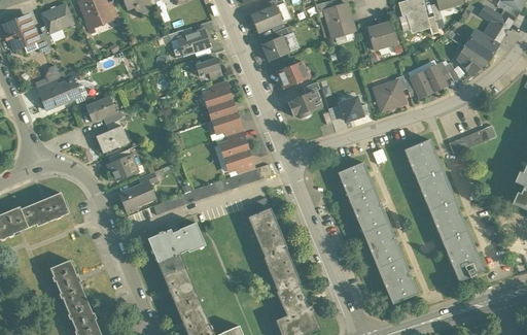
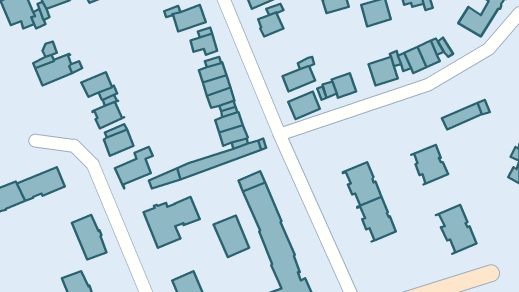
building: [456,47,487,74] -> none
building: [276,61,308,89] -> [288,91,320,119]
building: [403,140,442,180] -> none
building: [338,163,373,198] -> none
building: [429,200,466,241] -> none
building: [377,258,417,303] -> none
building: [49,260,84,305] -> [72,215,107,260]
building: [162,265,198,307] -> [213,215,249,257]

